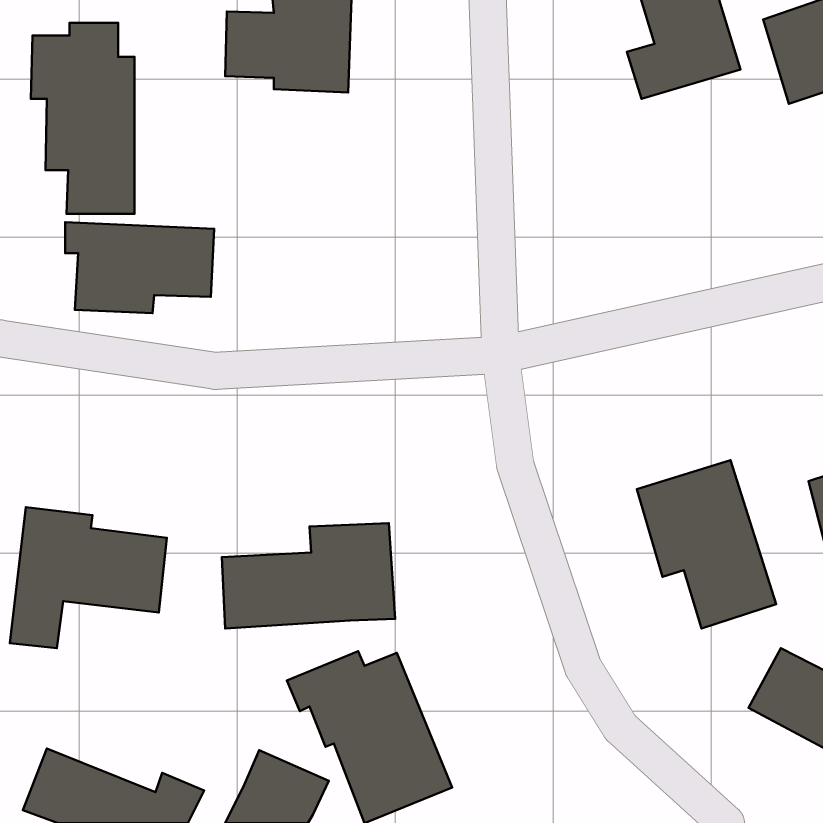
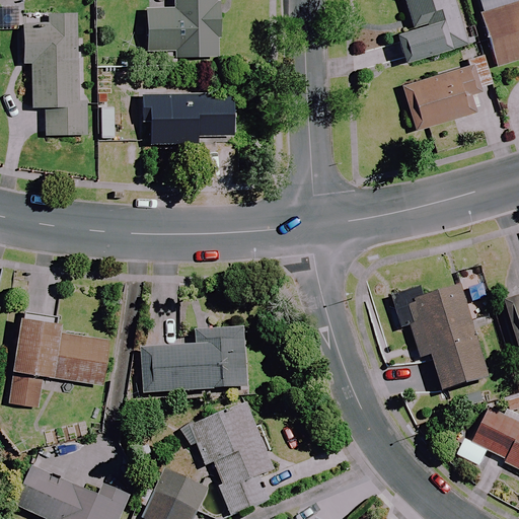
building: none -> [401,59,495,130]
building: [65,222,214,313] -> [141,87,234,144]

